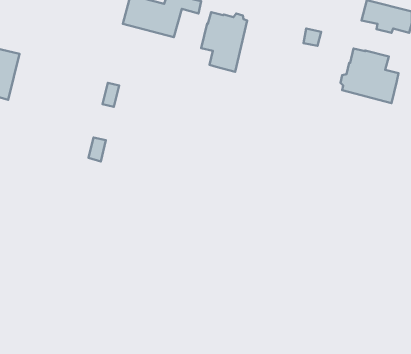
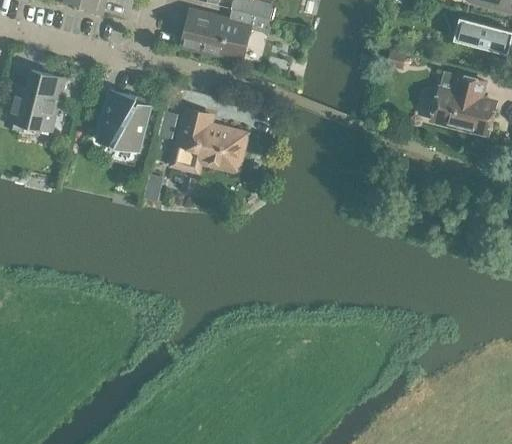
building: [201,12,247,72] -> none
building: none -> [97,89,149,151]
building: none -> [175,109,245,171]

